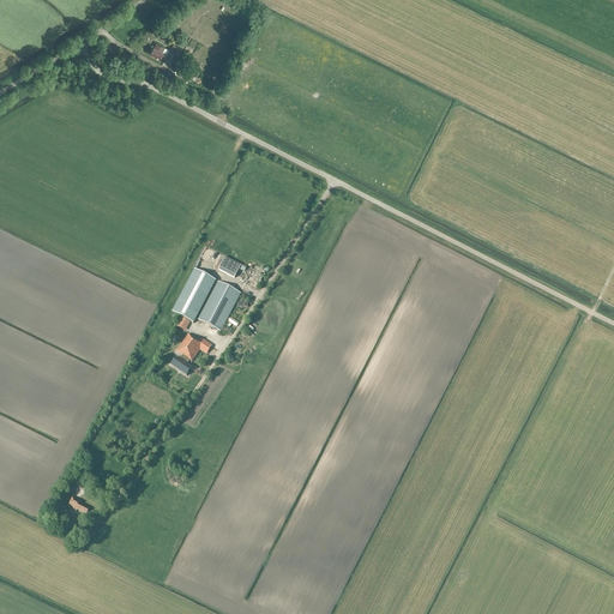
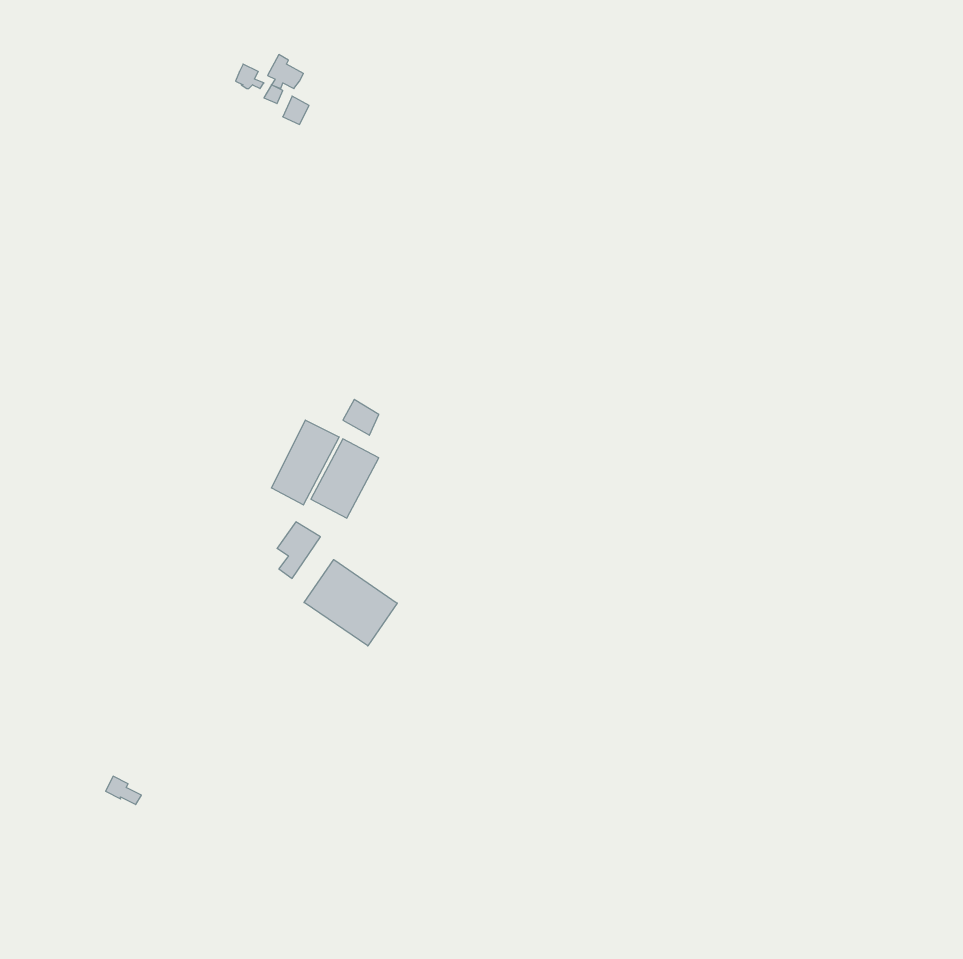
building: none -> [304,560,397,646]

